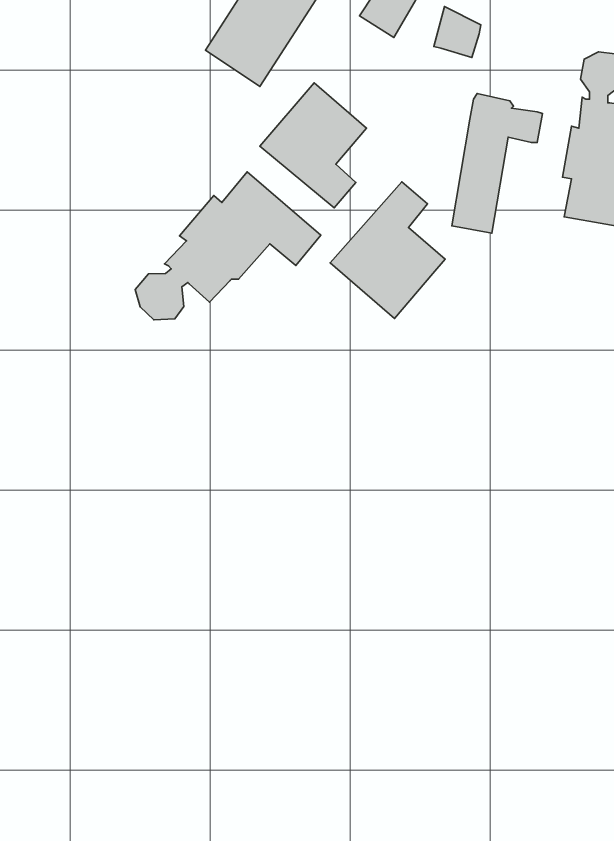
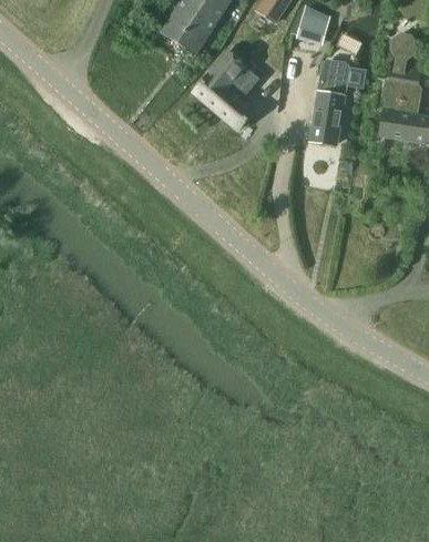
building: [135,172,321,320] -> none
building: [330,182,445,318] -> none

